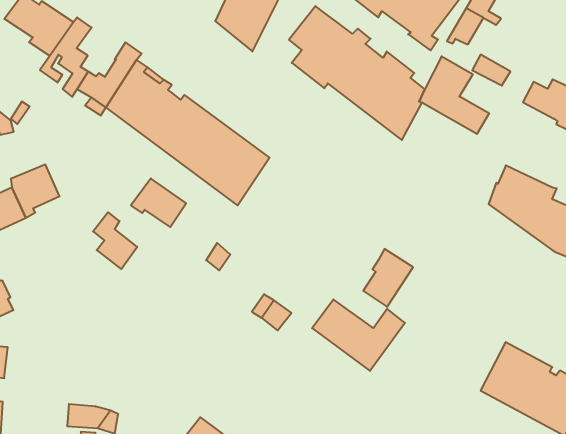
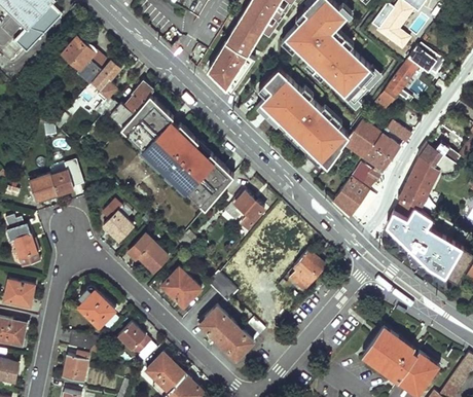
building: none -> [372,134,403,163]
building: none -> [398,157,437,220]
building: none -> [332,164,380,218]
building: none -> [223,189,263,225]
building: [131,178,186,227] -> [129,236,168,272]
building: none -> [161,266,201,306]
building: [312,299,405,371] -> [198,304,264,358]
building: none -> [77,289,114,325]
building: none -> [117,321,150,355]

